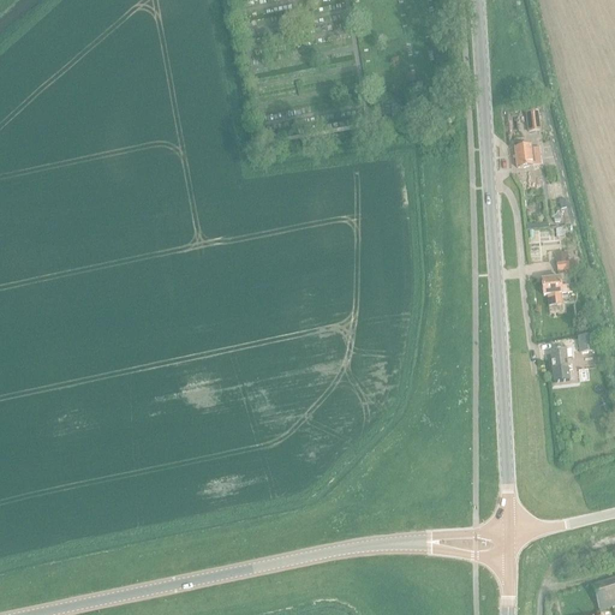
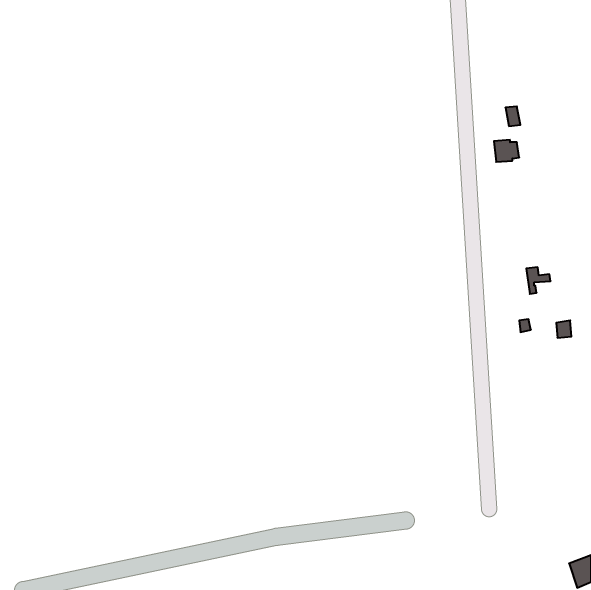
building: [550,348,572,382] -> none

